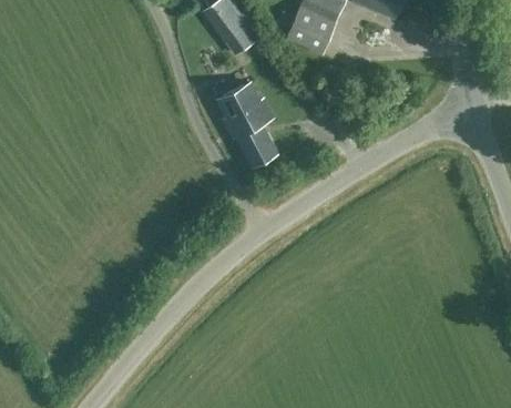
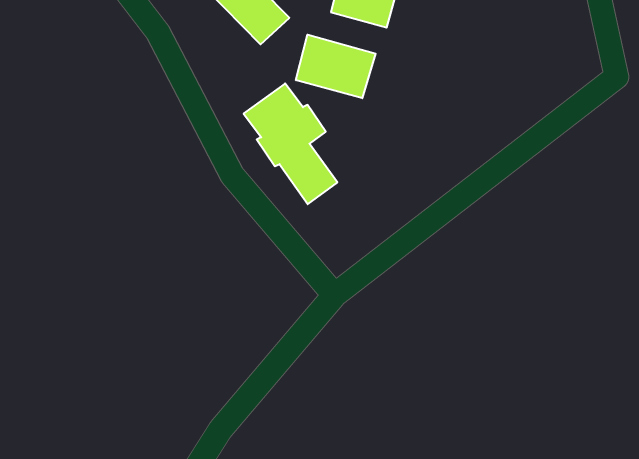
building: none -> [296,35,376,98]

